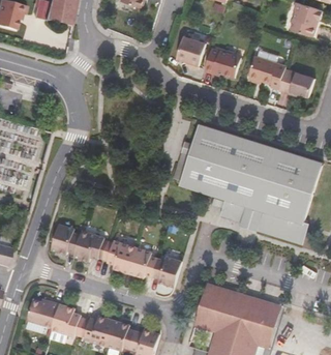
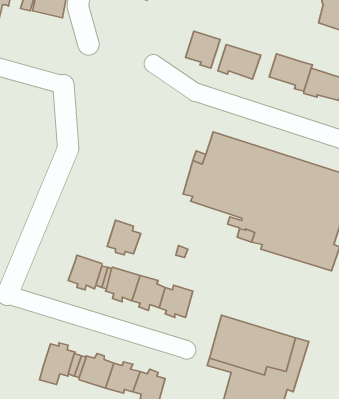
building: [52,223,81,253] -> [107,220,141,255]
building: [27,298,59,331] -> none

